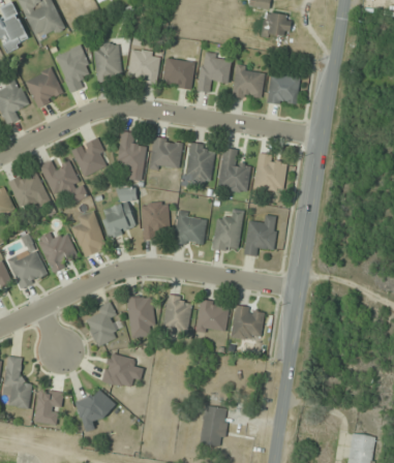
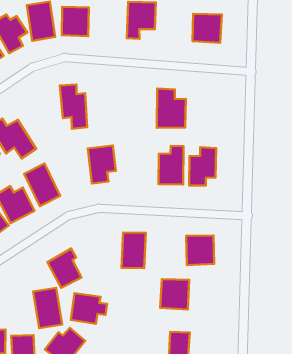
building: [163,59,194,87] -> none
building: [232,65,265,99] -> none
building: [71,136,110,176] -> none
building: [149,136,183,171] -> none
building: [185,143,215,183] -> none
building: [254,154,286,191] -> none
building: [99,200,138,238] -> none
building: [174,212,207,246] -> none
building: [127,296,154,336] -> [33,288,62,328]
building: [195,300,230,335] -> [160,279,189,309]

